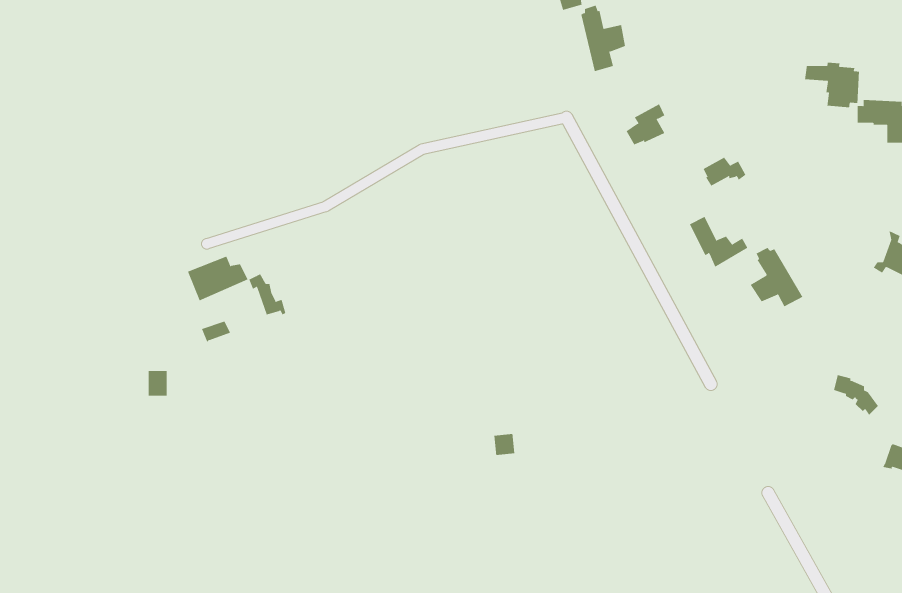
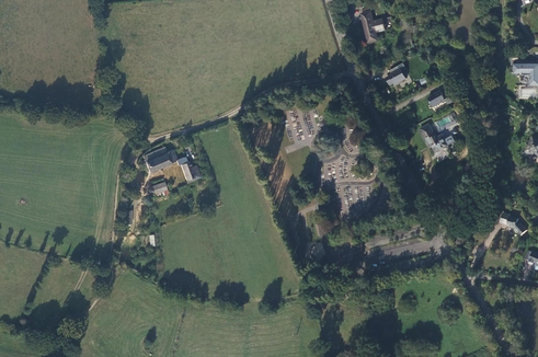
building: [804,62,860,108] -> none
building: [750,247,803,307] -> none

